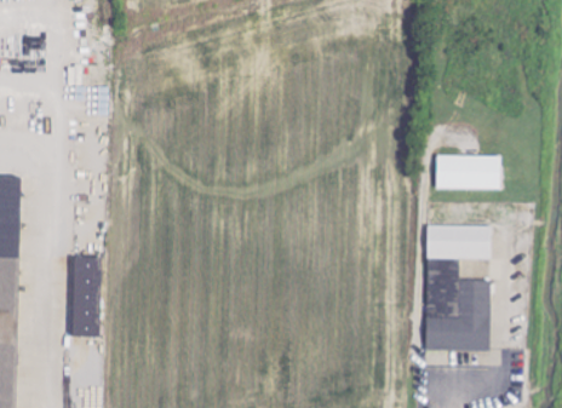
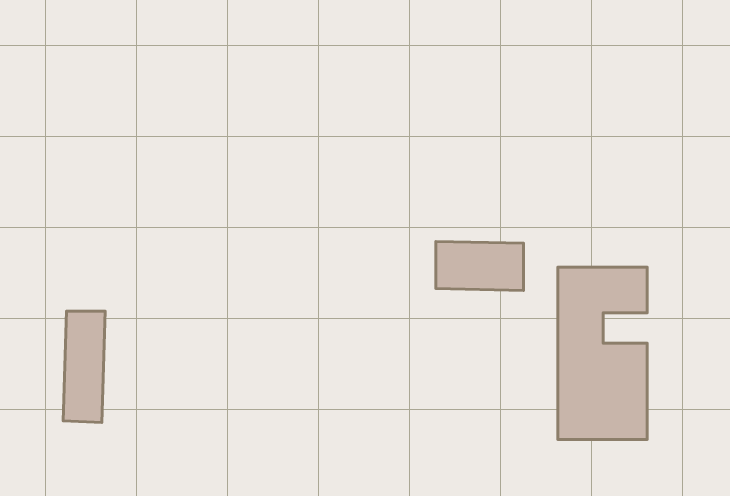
building: [437,154,500,189] -> [436,241,523,290]

